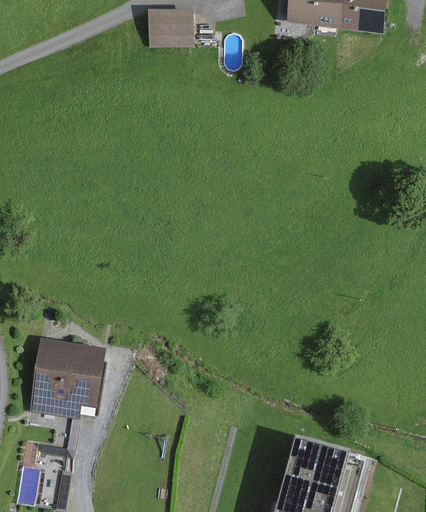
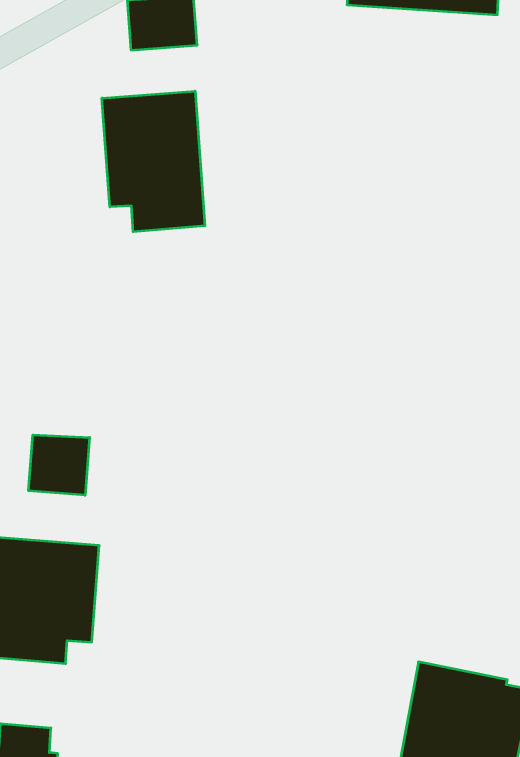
building: none -> [102,91,205,232]
building: none -> [29,435,90,495]

